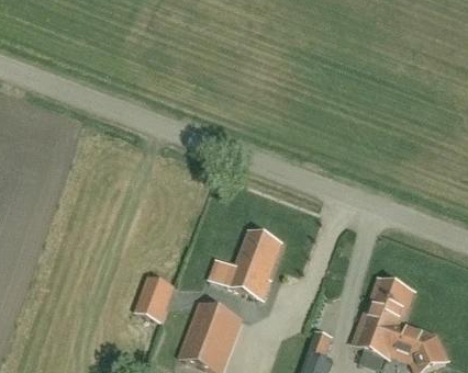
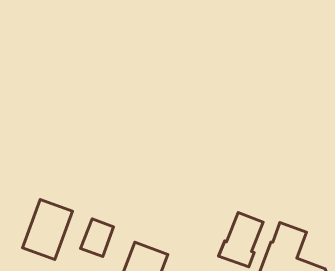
building: [226,230,281,297] -> [219,213,263,267]
building: none -> [22,199,72,260]

